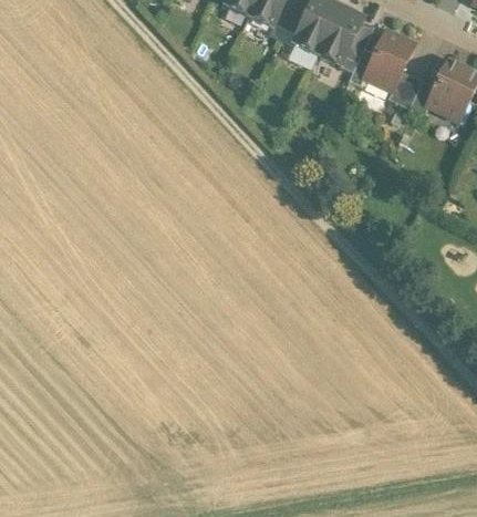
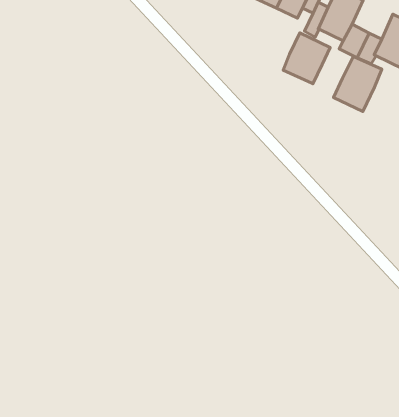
building: none -> [283,33,330,84]
building: none -> [334,56,382,111]

